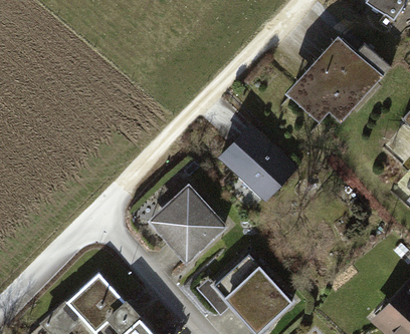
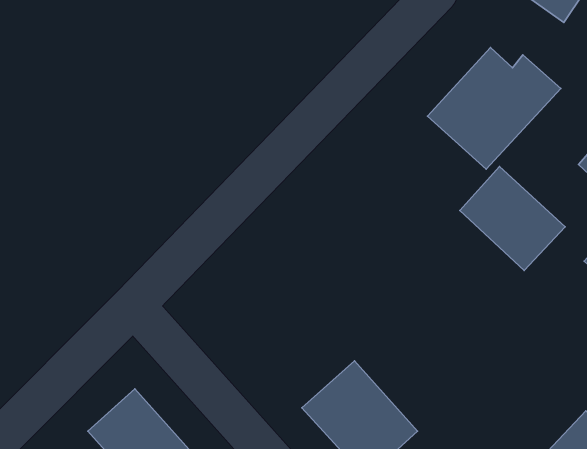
building: [223,126,295,198] -> [460,167,565,271]
building: [160,186,225,261] -> none

